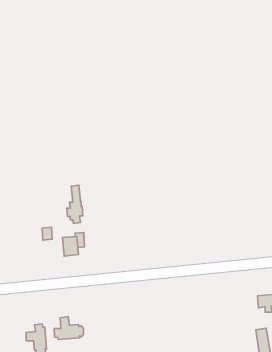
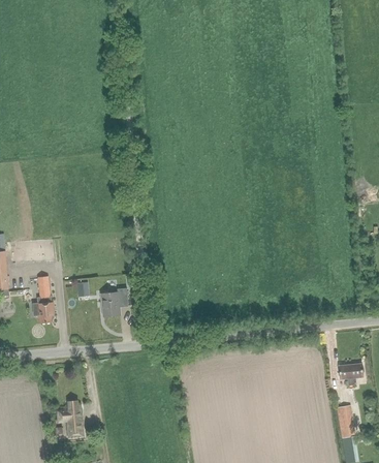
building: [67,185,83,223] -> [34,275,54,321]
building: [54,317,83,339] -> none

